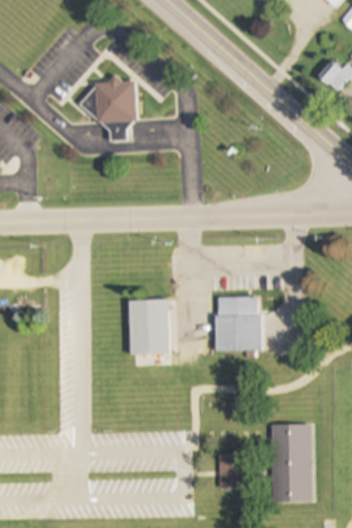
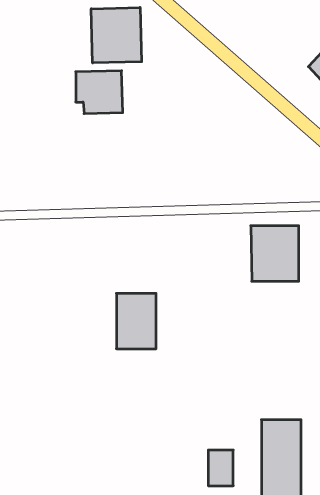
building: none -> [91,7,142,63]
building: [214,296,261,351] -> [251,226,299,281]

